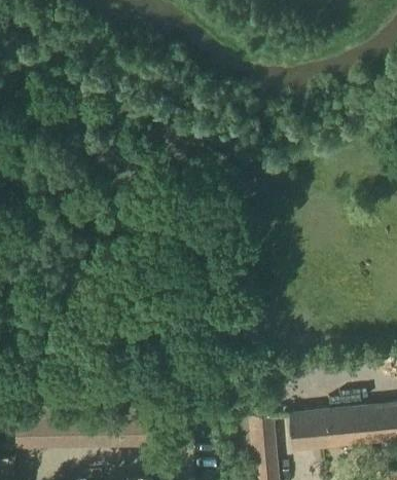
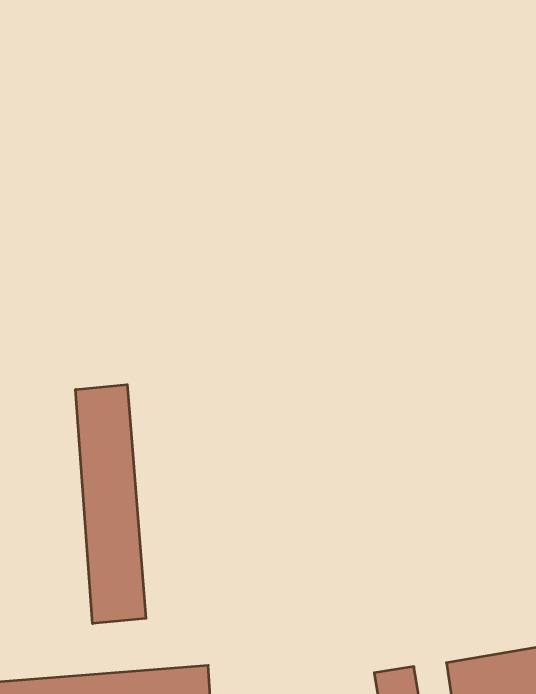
building: none -> [76,385,146,624]

